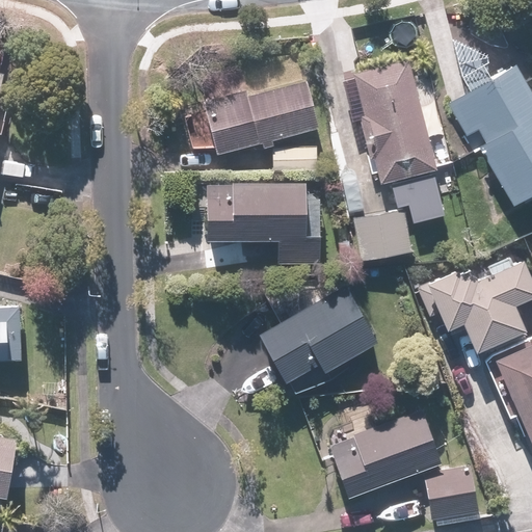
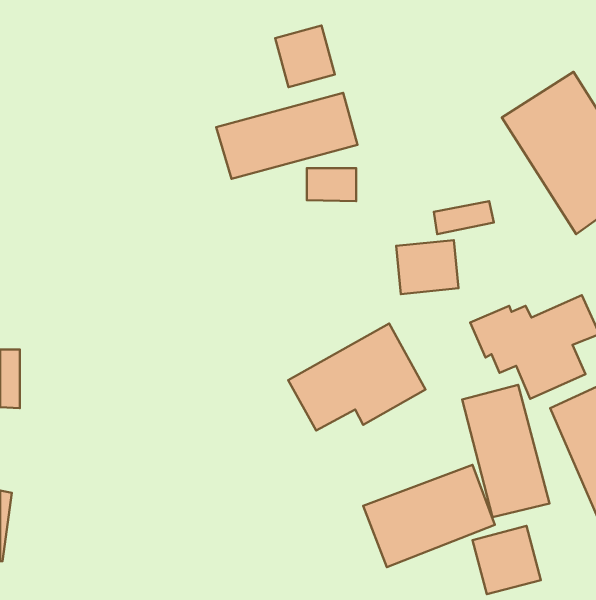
building: none -> [275,26,335,87]
building: [351,59,436,183] -> none
building: [206,182,322,265] -> none
building: none -> [462,385,549,517]

